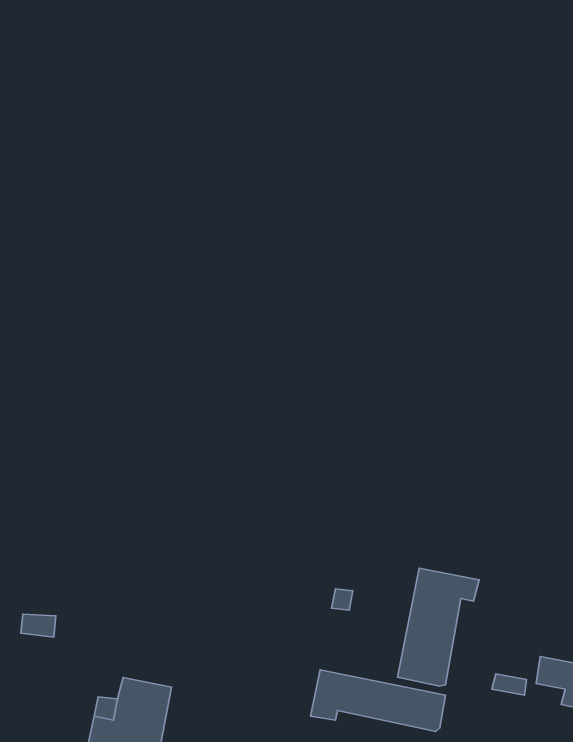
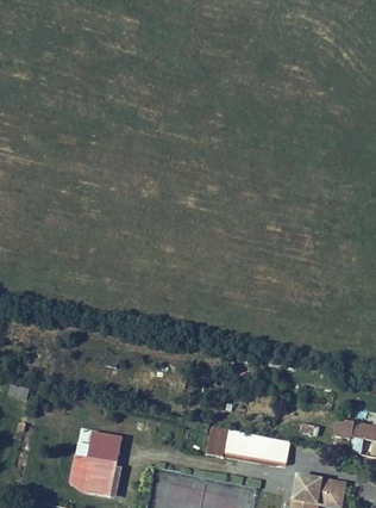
building: [397,568,479,686] -> none

